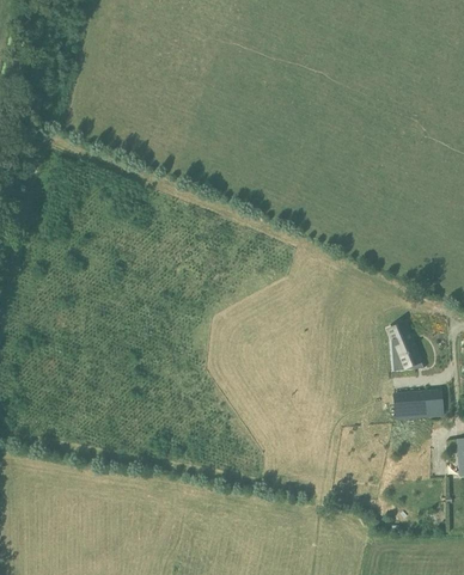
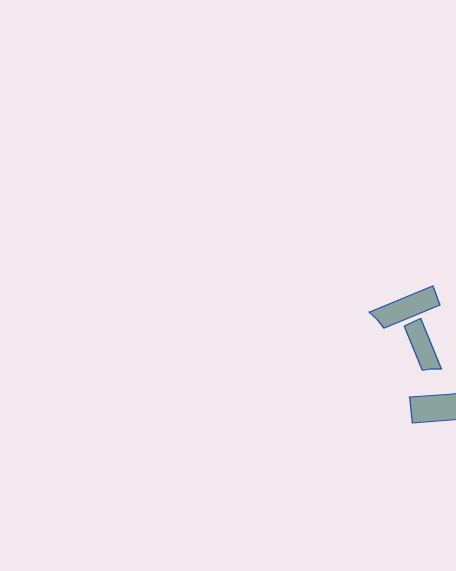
building: none -> [369,286,440,328]

